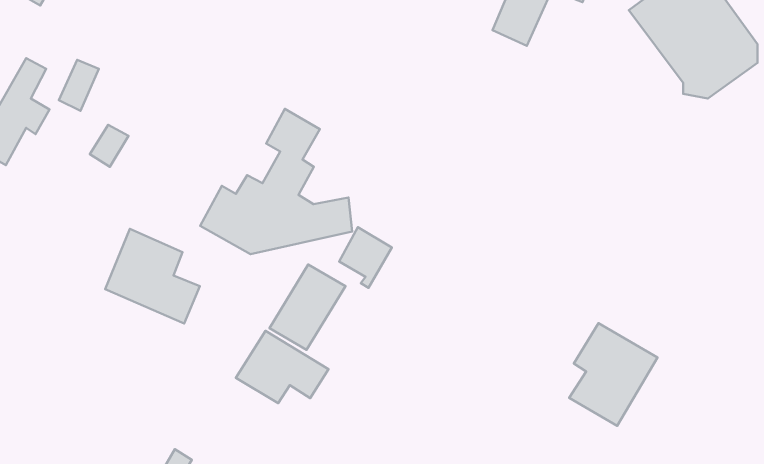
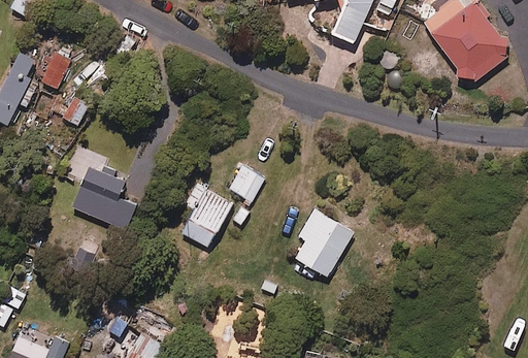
building: [200,109,352,254] -> none
building: [569,323,657,426] -> [295,208,354,276]
building: [236,331,329,403] -> none

